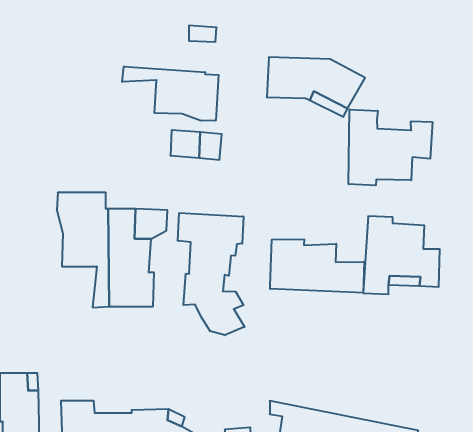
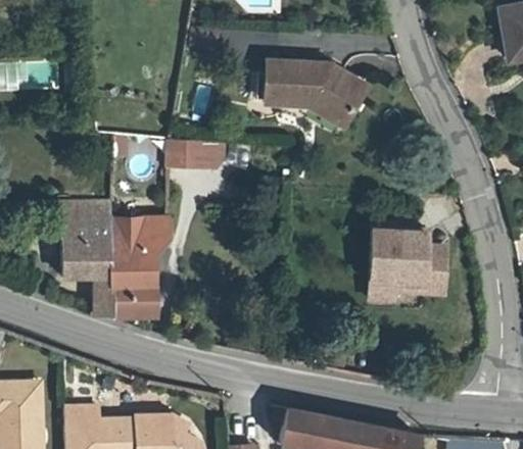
building: [122,66,219,121] -> none
building: [349,109,432,185] -> none
building: [178,213,245,335] -> none
building: [270,239,364,293] -> none

